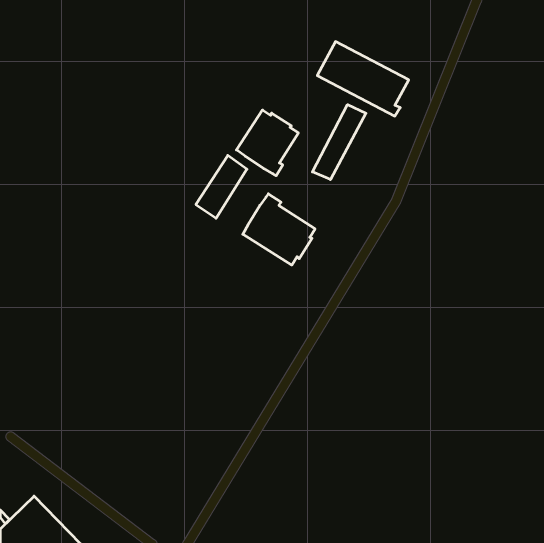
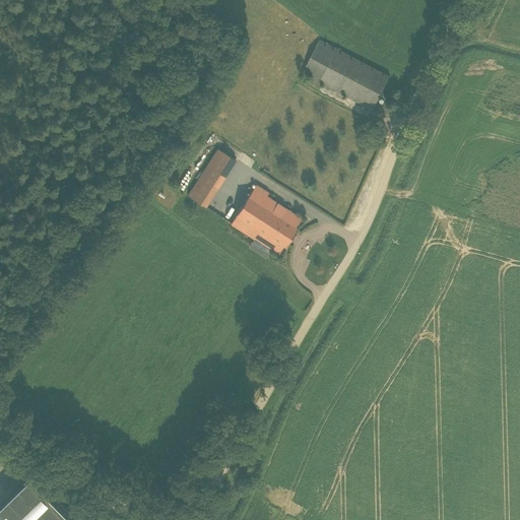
building: [312,105,366,180] -> none
building: [236,110,298,176] -> none

